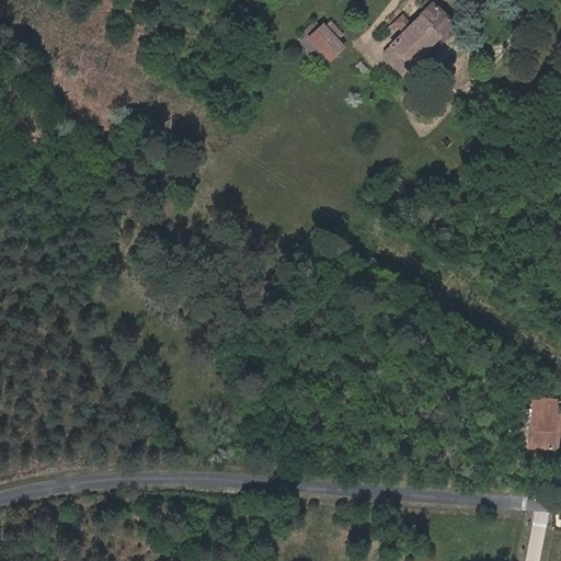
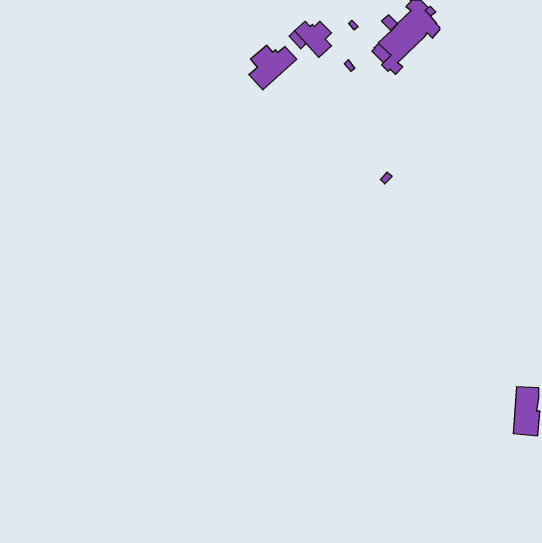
building: none -> [249,45,297,90]

